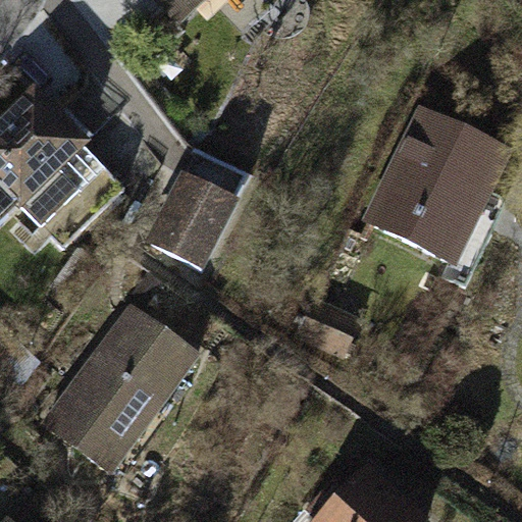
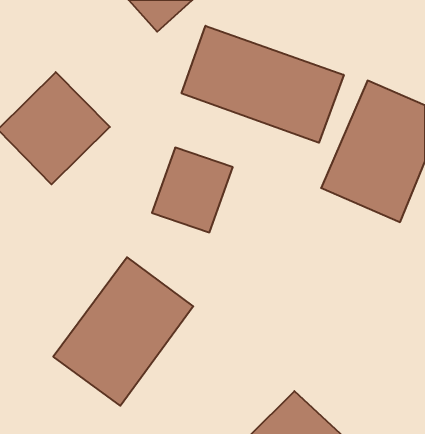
building: none -> [182,26,344,143]

